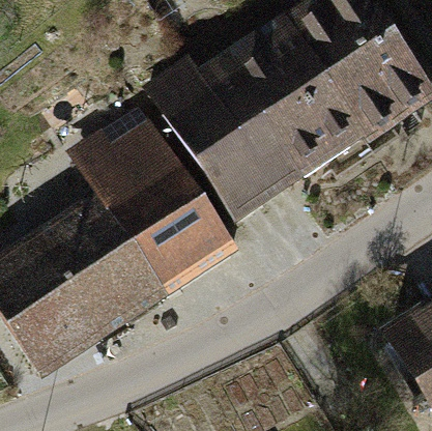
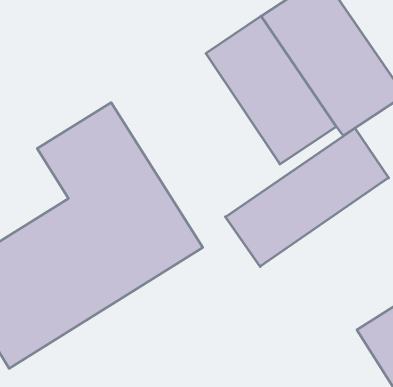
building: [156,59,312,214] -> none
building: none -> [225,128,389,267]

